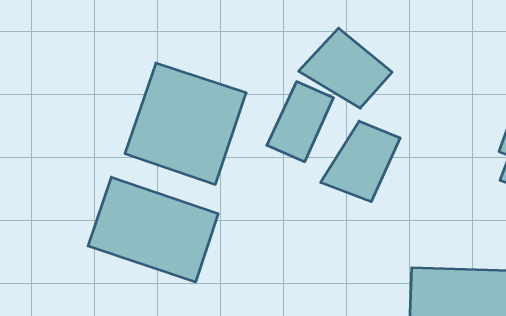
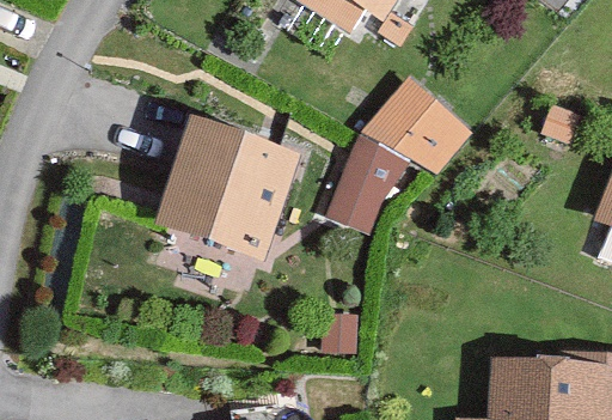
building: [321,121,400,202] -> none
building: [88,177,218,282] -> none

